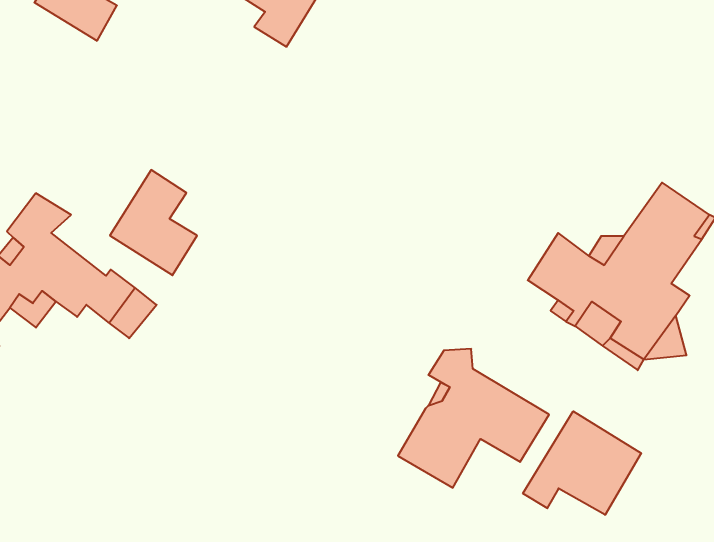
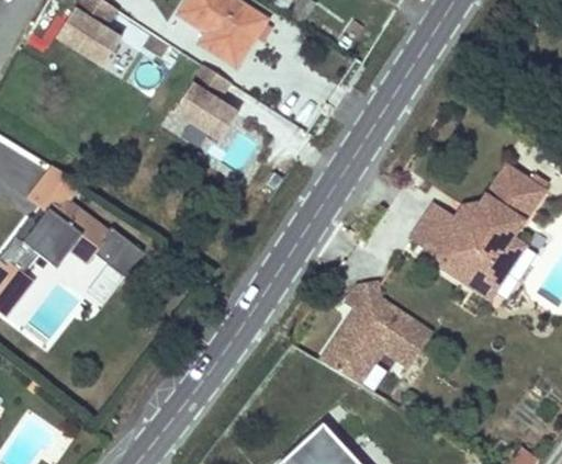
building: [110,170,197,275] -> [173,65,236,140]
building: [523,411,641,515] -> none

